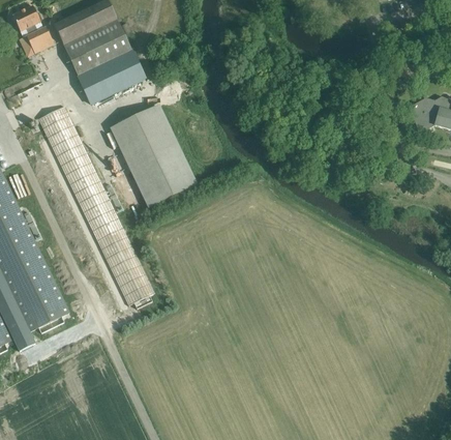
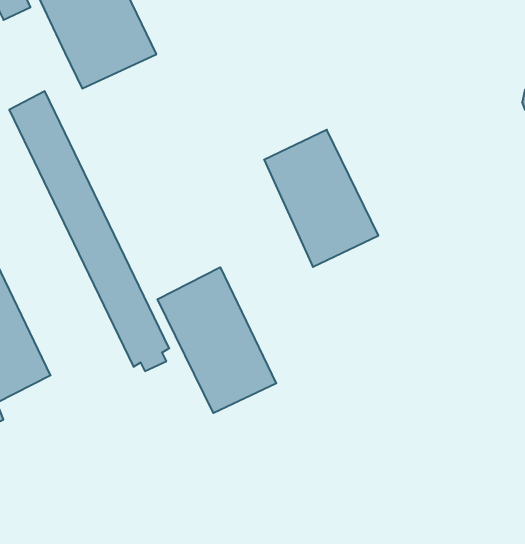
building: [113,107,196,206] -> [264,130,378,267]
building: none -> [158,267,276,413]

